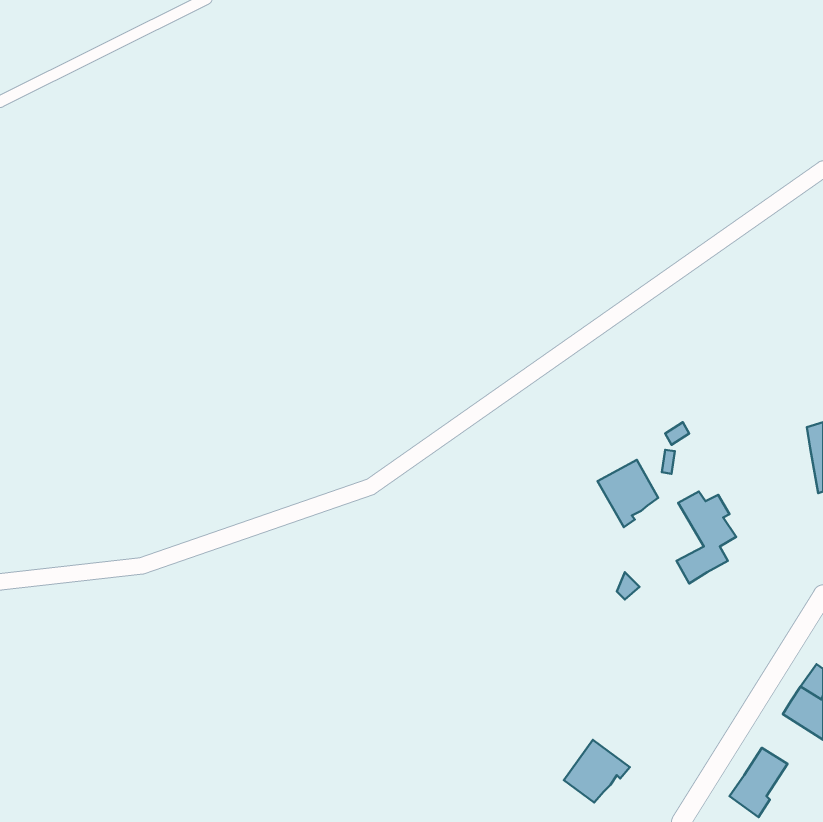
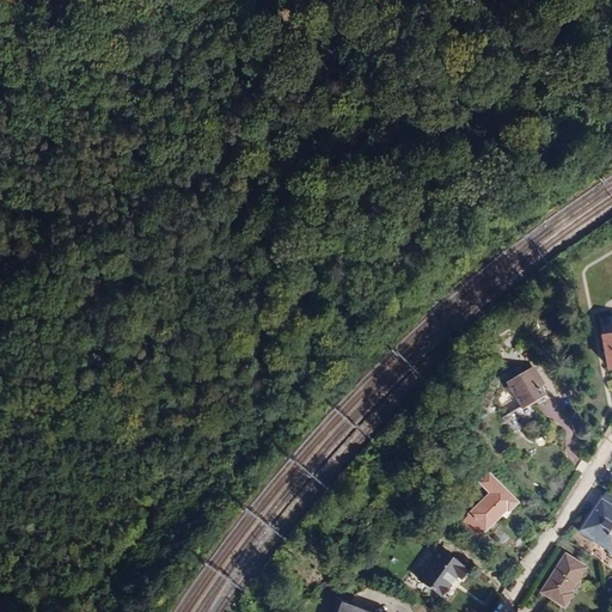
building: [598,460,658,527] -> none
building: none -> [463,472,518,536]

